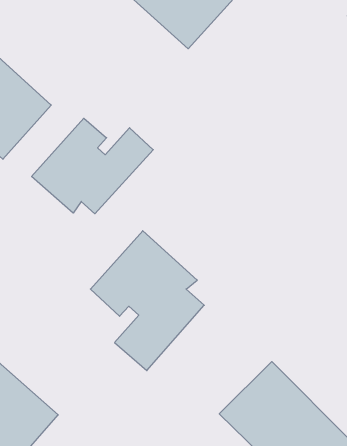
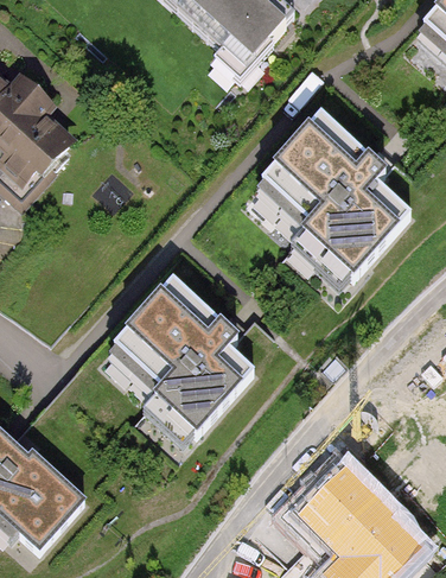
building: none -> [250,110,407,288]
building: [32,118,153,214] -> none

